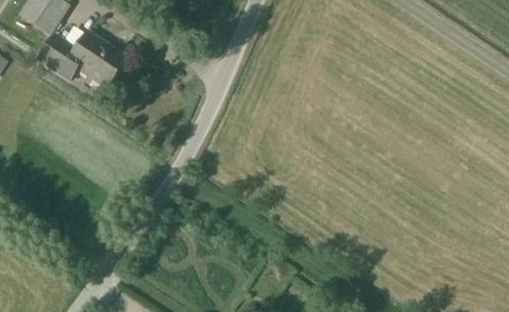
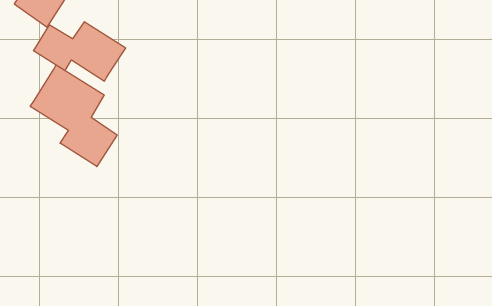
building: none -> [30,65,117,167]

